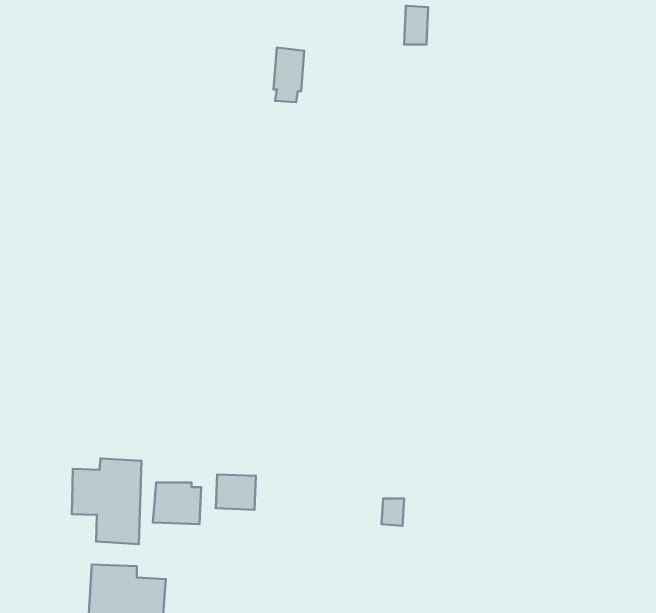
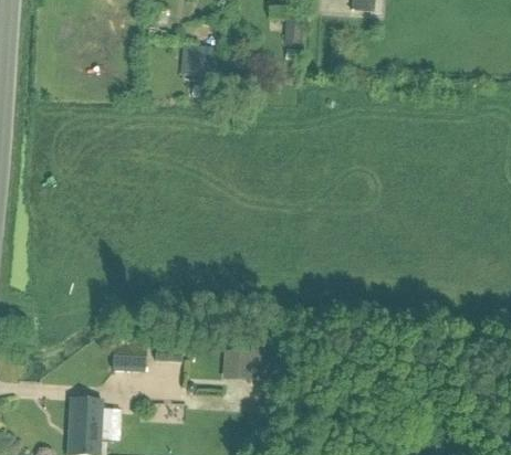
building: [72,458,142,544] -> none
building: none -> [221,348,253,380]

